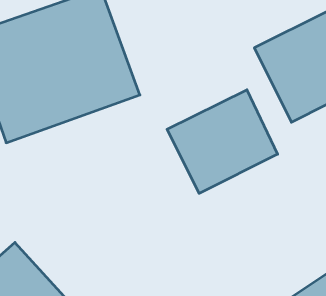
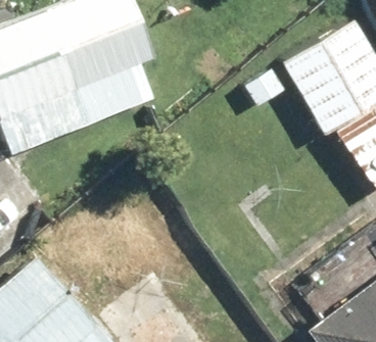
building: [167,90,278,193] -> none

